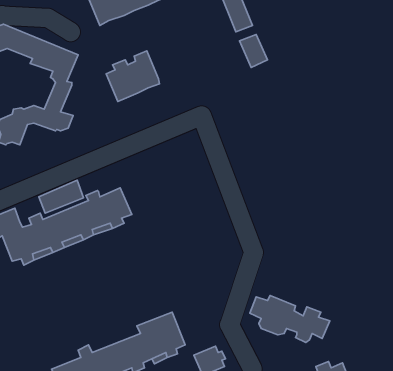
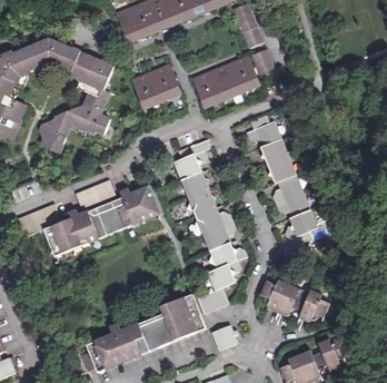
building: none -> [196,58,259,108]
building: none -> [246,115,317,259]
building: none -> [175,138,247,313]

